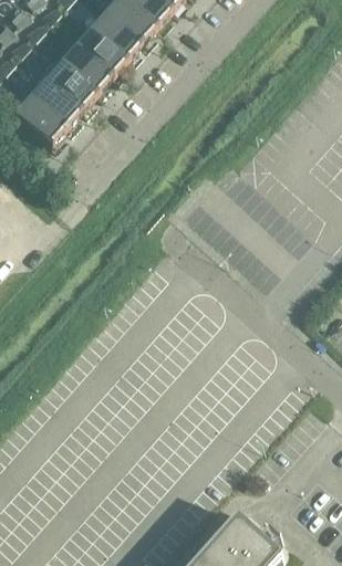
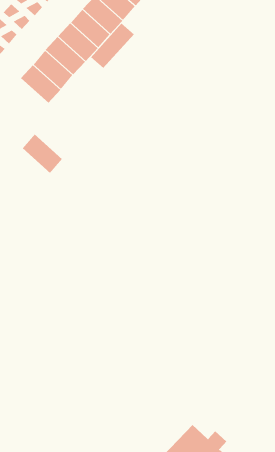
building: none -> [90,23,135,69]
building: [12,95,62,144] -> [22,134,63,174]

